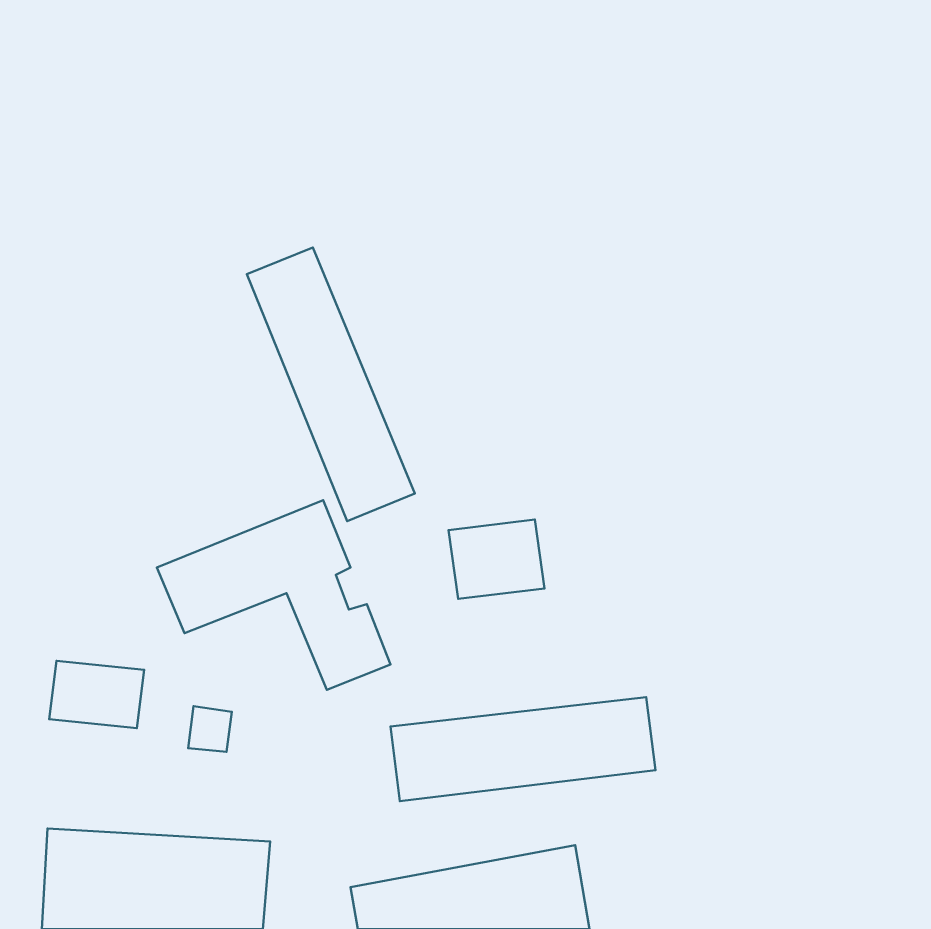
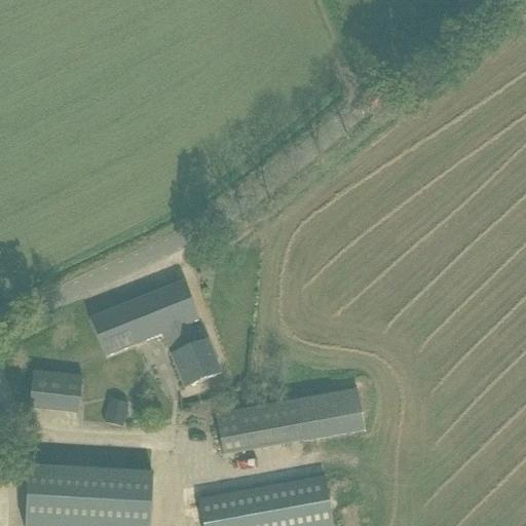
building: [247,247,415,521] -> none
building: [449,520,544,599] -> none

